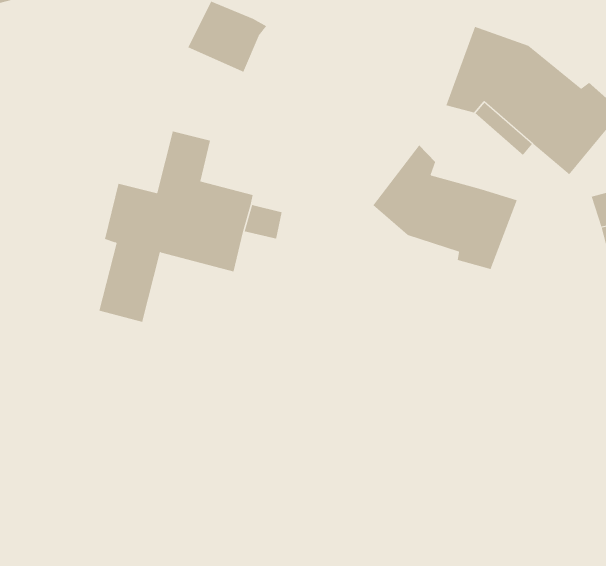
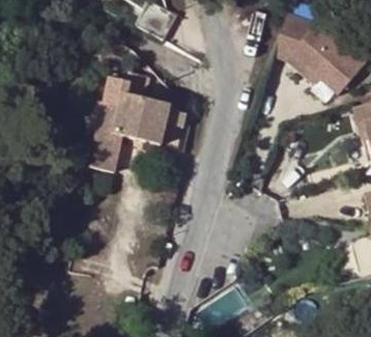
building: [372,145,517,270] -> none

